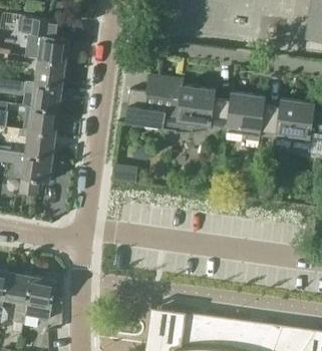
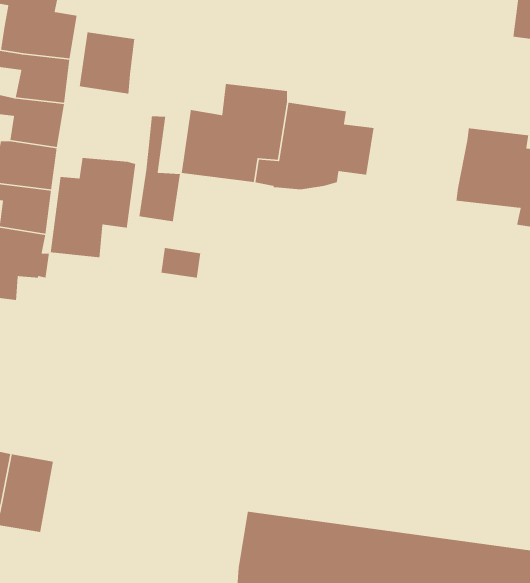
building: none -> [79,32,135,94]
building: [225,93,280,138] -> none
building: none -> [139,115,181,222]
building: none -> [50,157,136,258]

